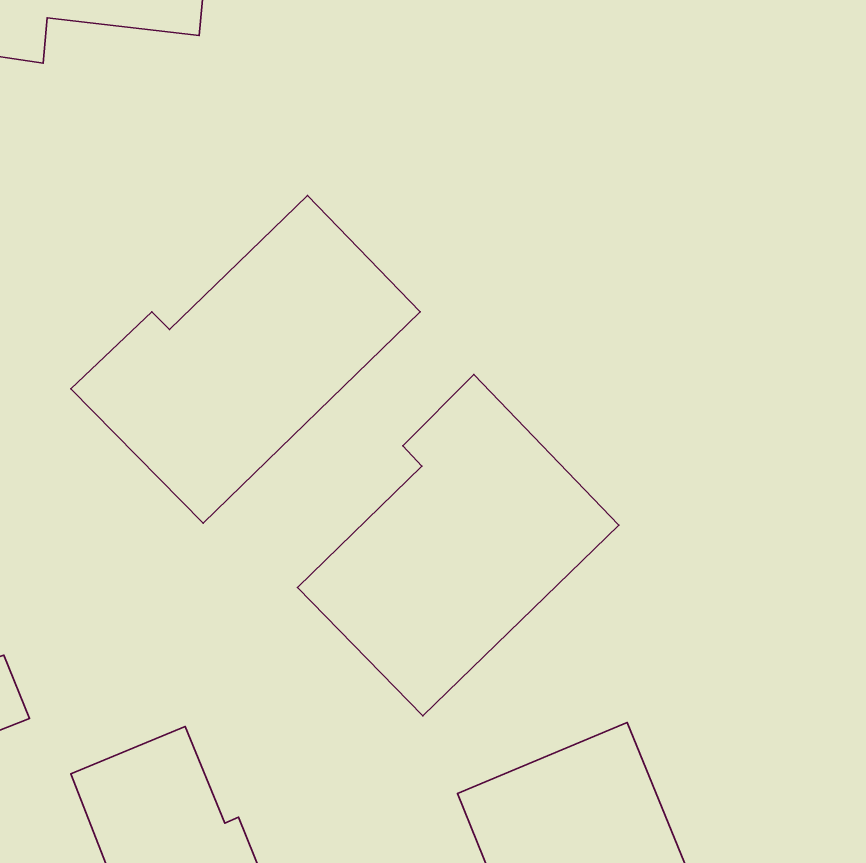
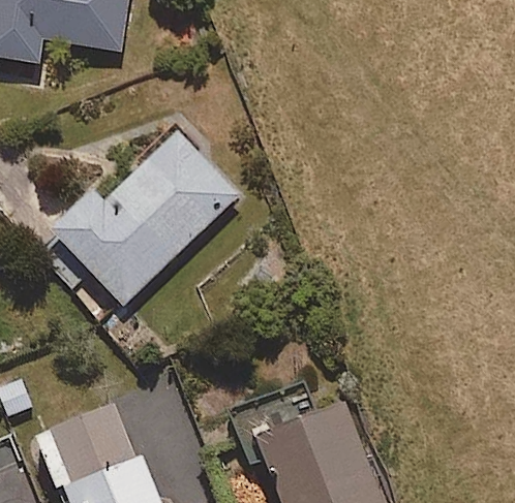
building: [297,375,619,716] -> none

